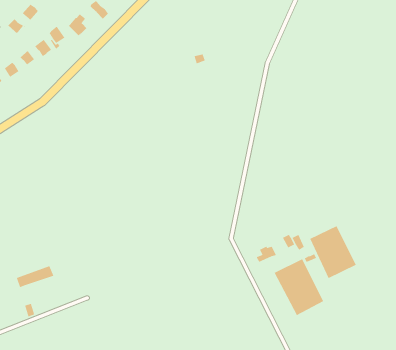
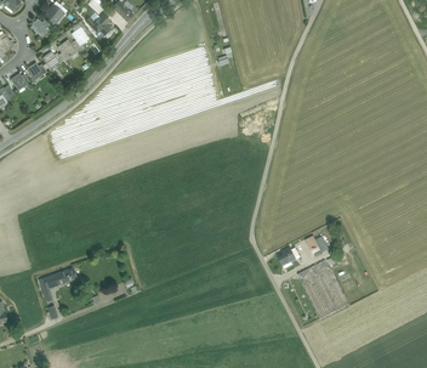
building: [309,225,357,279] -> none

